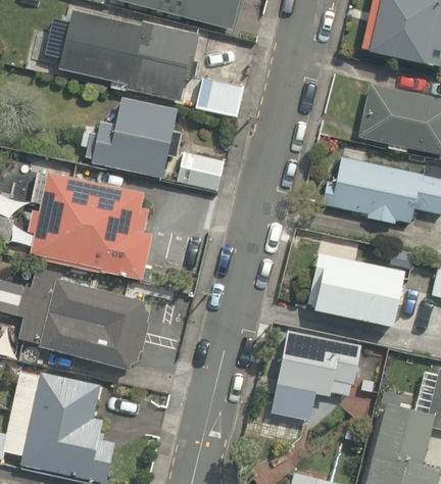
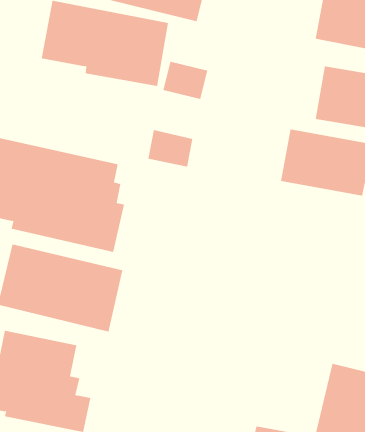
building: [82,95,177,177] -> none
building: [298,247,399,327] -> none
building: [270,329,359,421] -> none

